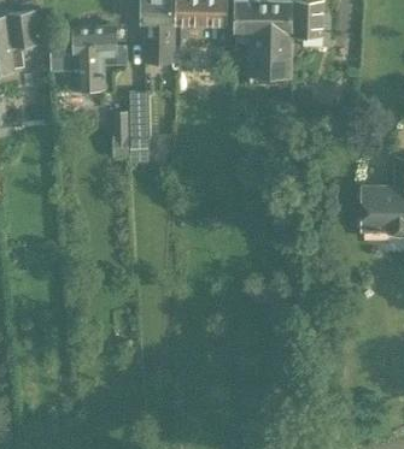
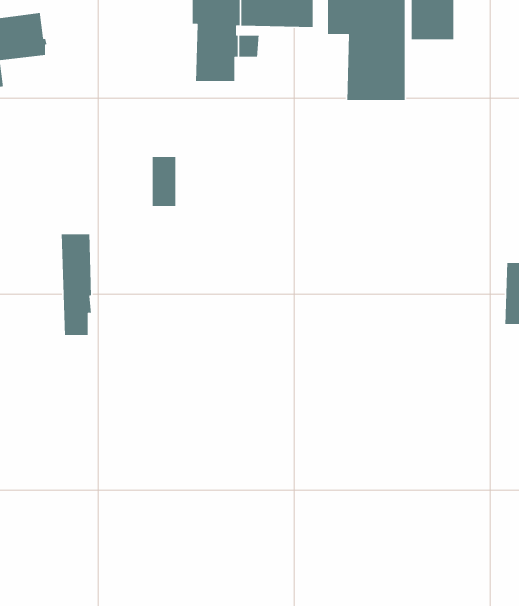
building: [49,24,128,90] -> none
building: [129,94,151,165] -> [61,234,92,336]

